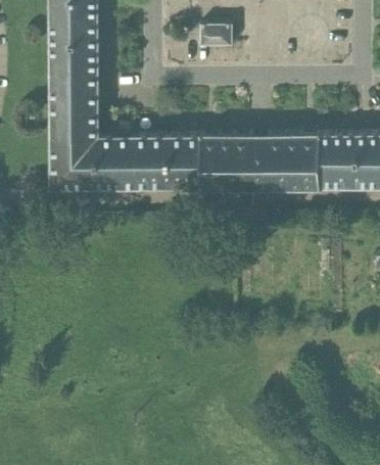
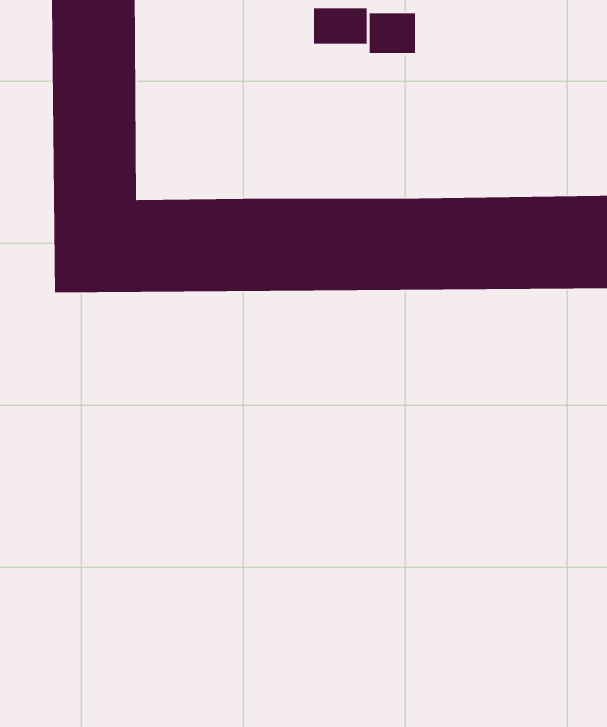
building: none -> [369,13,416,54]

